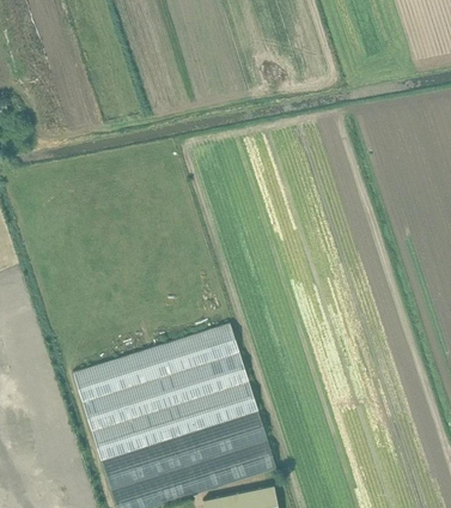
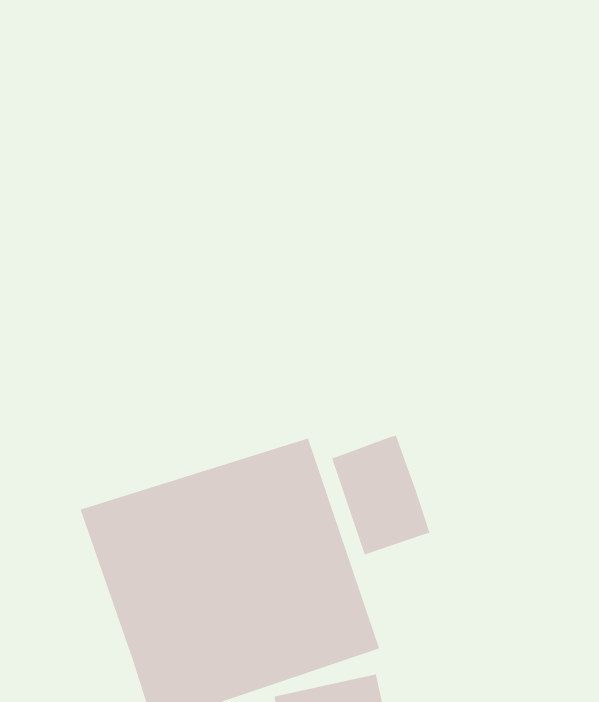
building: none -> [331,434,431,556]

